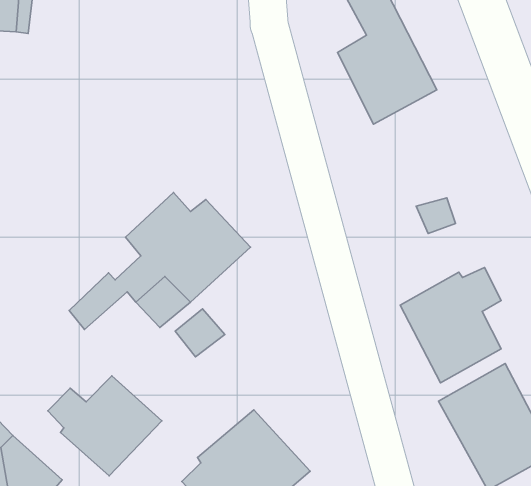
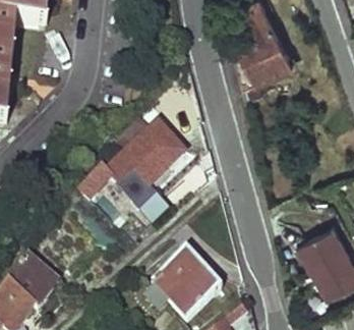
building: [400,268,501,383] -> none
building: [48,376,162,476] -> none

